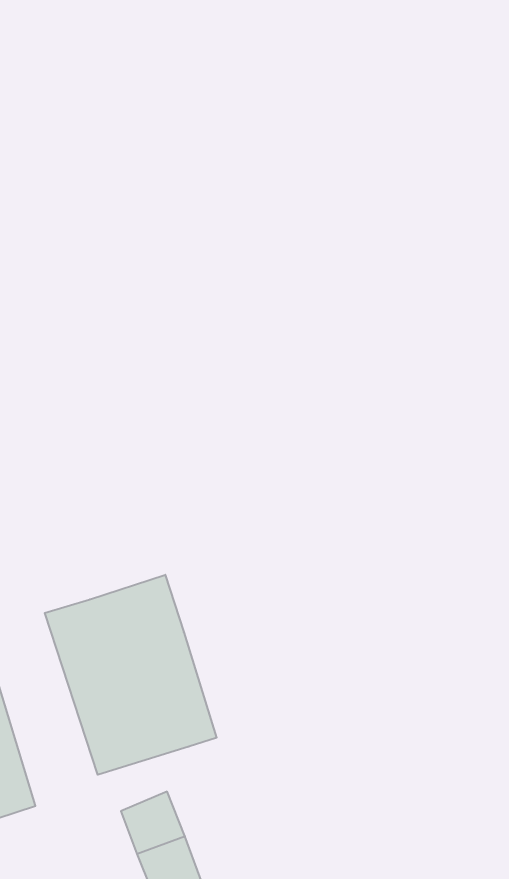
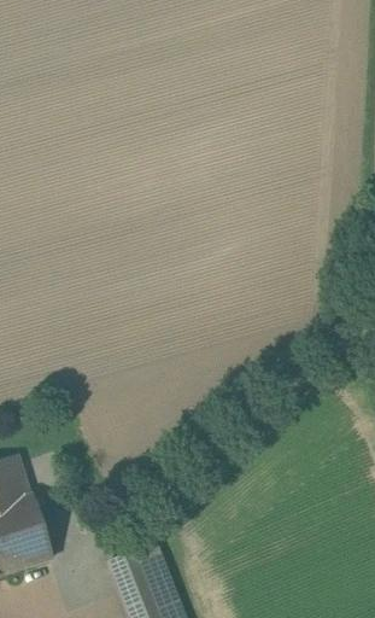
building: [45,575,217,775] -> none

